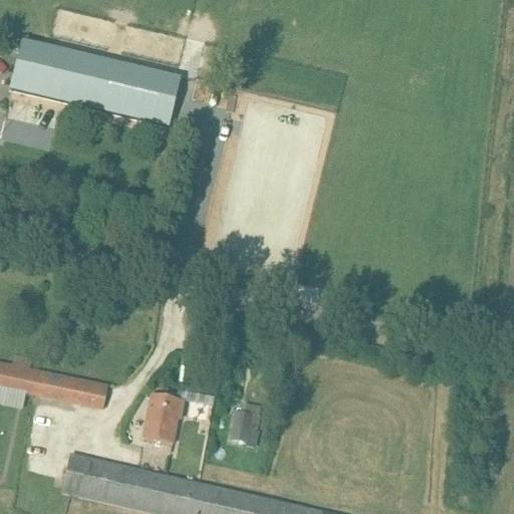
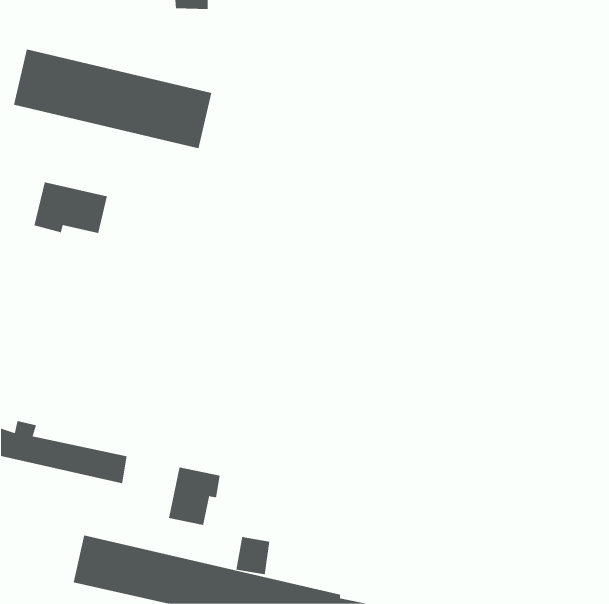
building: none -> [34,181,107,234]
building: [231,412,260,444] -> [236,537,270,575]

